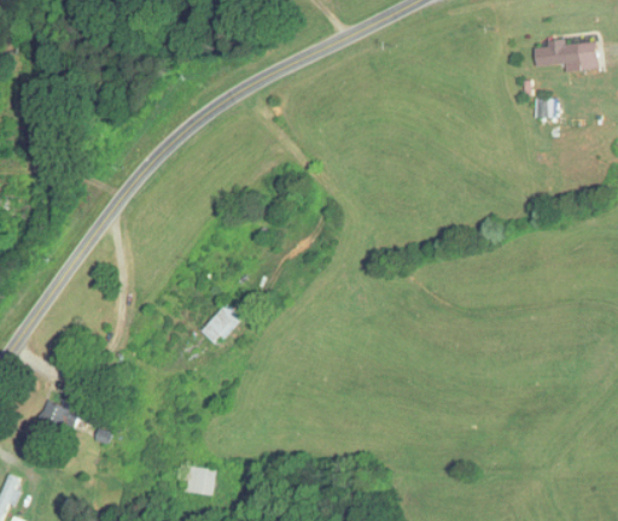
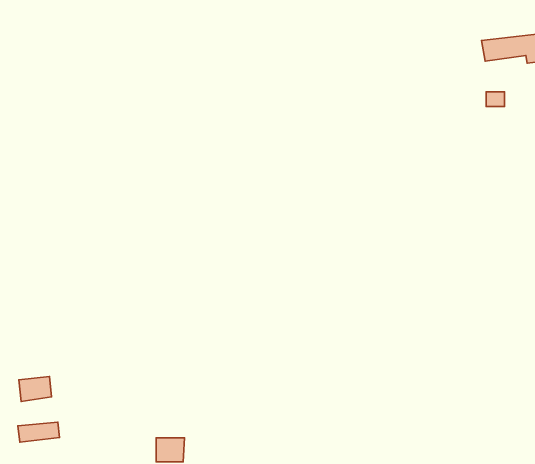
building: [200,303,241,345] -> none
building: none -> [18,422,60,442]

